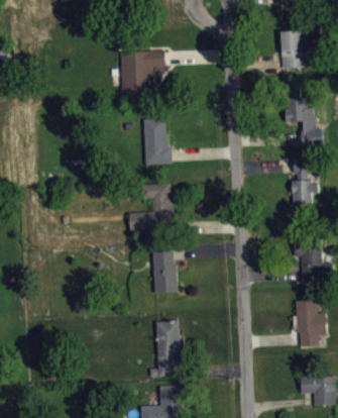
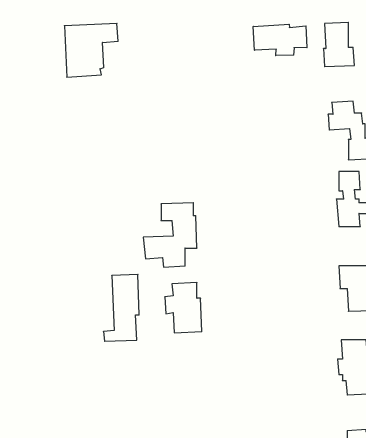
building: none -> [253,24,307,56]
building: [120,50,165,96] -> [64,23,118,77]
building: [143,118,173,165] -> none
building: [149,321,180,378] -> [103,274,139,341]

